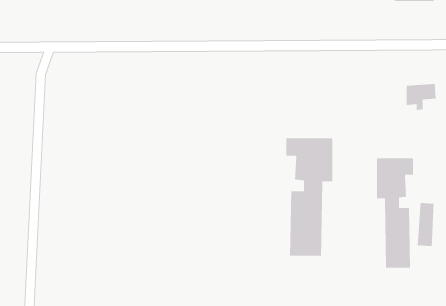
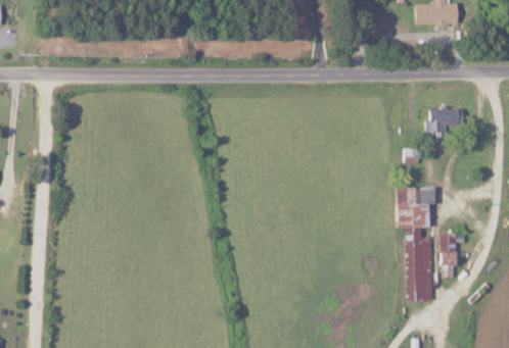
building: [285,137,333,256] -> none

